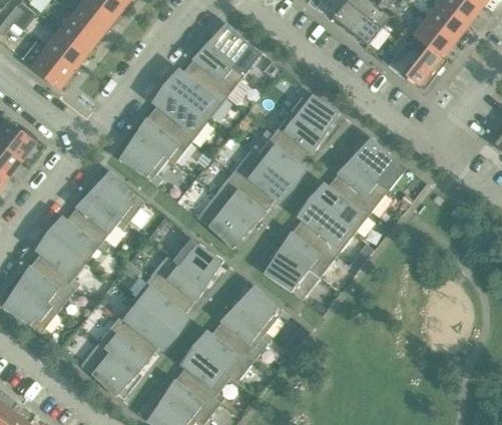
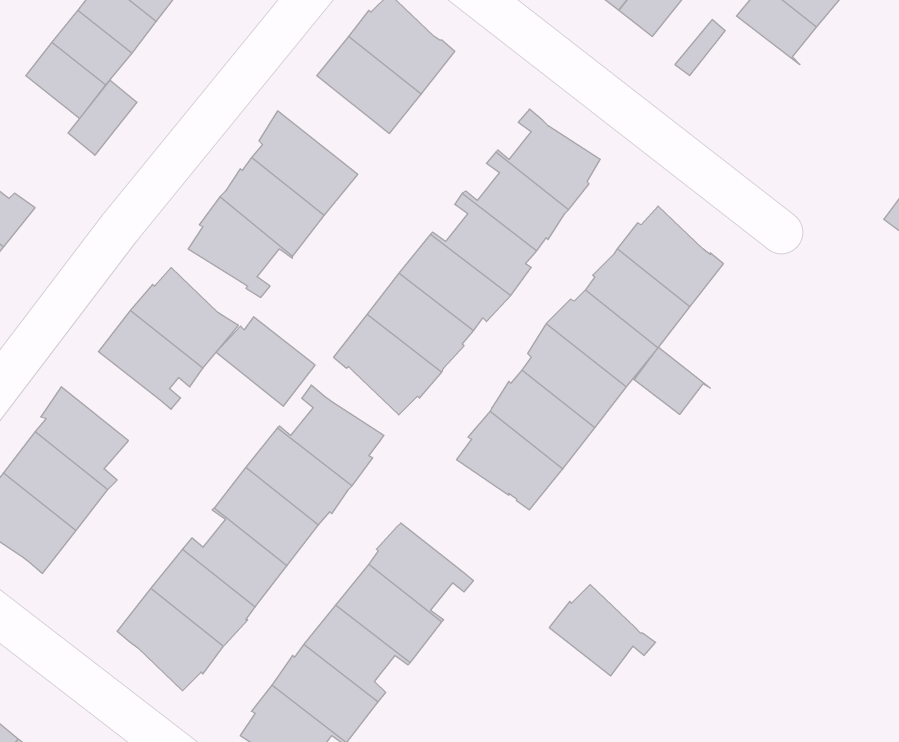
building: [405,33,447,88] -> none
building: [166,65,226,118] -> none
building: none -> [68,80,137,155]
building: none -> [634,347,710,414]
building: [50,214,103,262] -> [216,317,315,406]
building: [232,283,290,332] -> [549,585,656,676]

